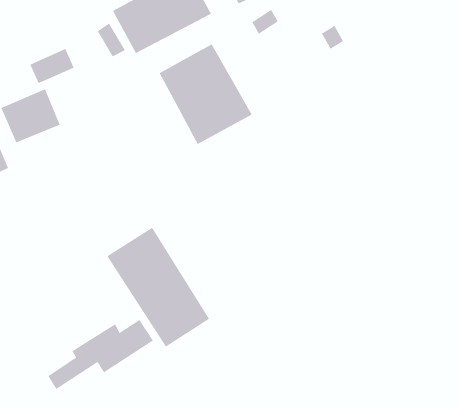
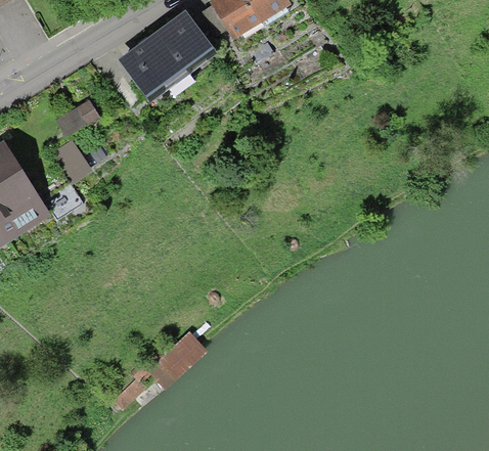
building: [159,44,253,145] -> none
building: [106,227,210,347] -> none

